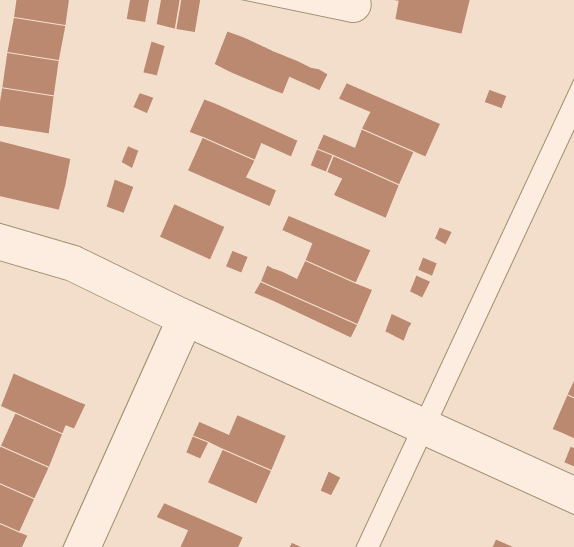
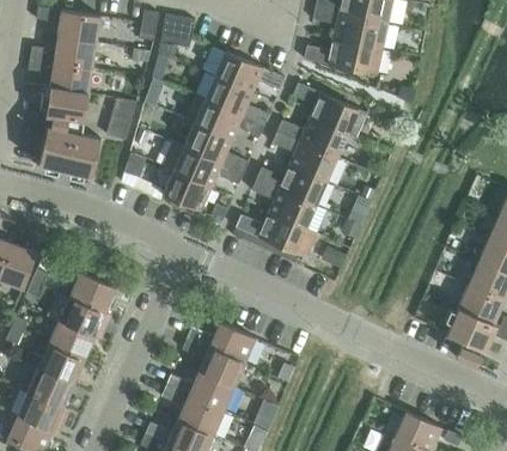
building: none -> [304,37,381,74]
building: none -> [204,75,269,124]
building: none -> [105,97,136,139]
building: none -> [161,141,243,187]
building: none -> [256,164,326,203]
building: none -> [68,272,115,312]
building: none -> [166,371,233,410]

